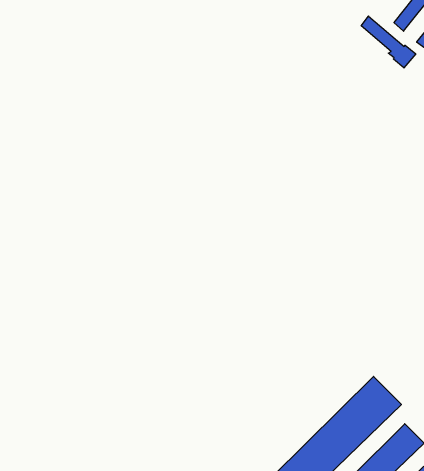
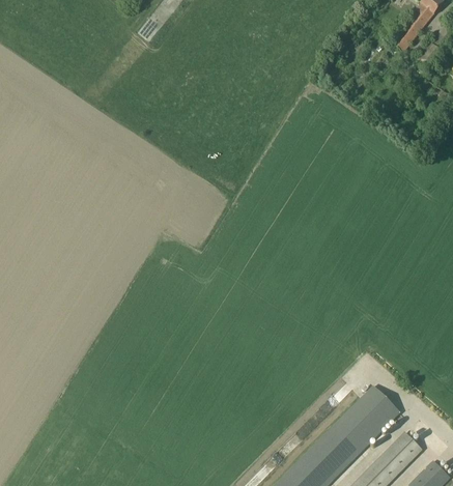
building: [361,16,416,68] -> none

